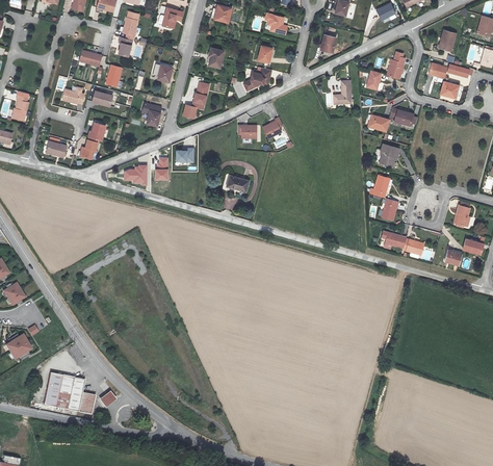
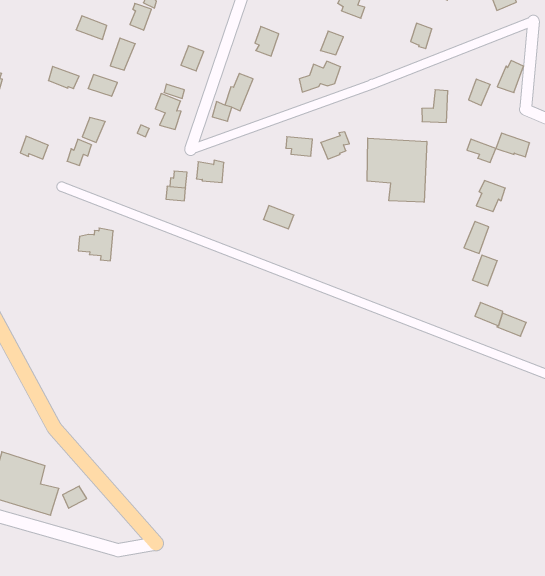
building: none -> [367,138,427,202]
building: [123,163,147,186] -> [78,228,113,261]

